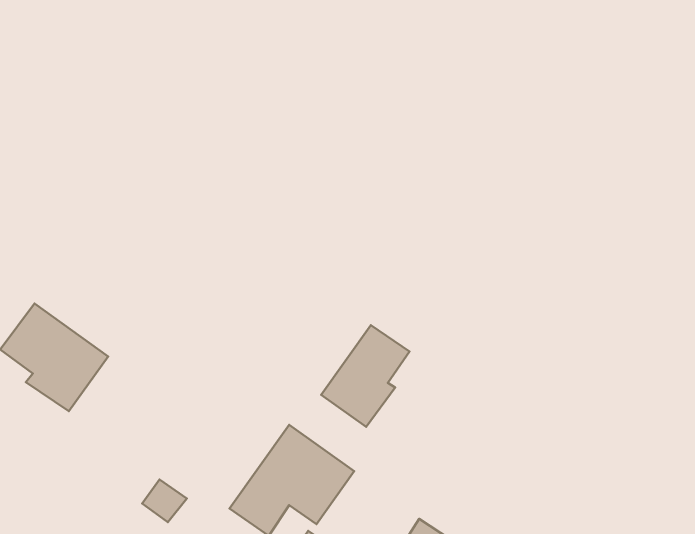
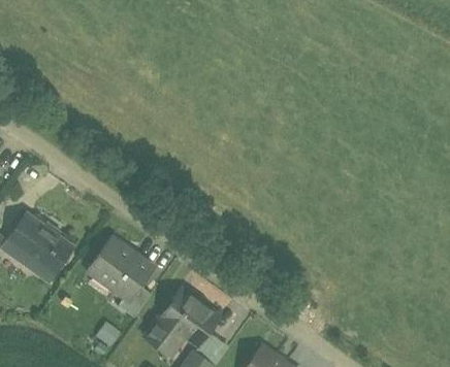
building: [321,325,409,427] -> none
building: none -> [85,238,153,303]

